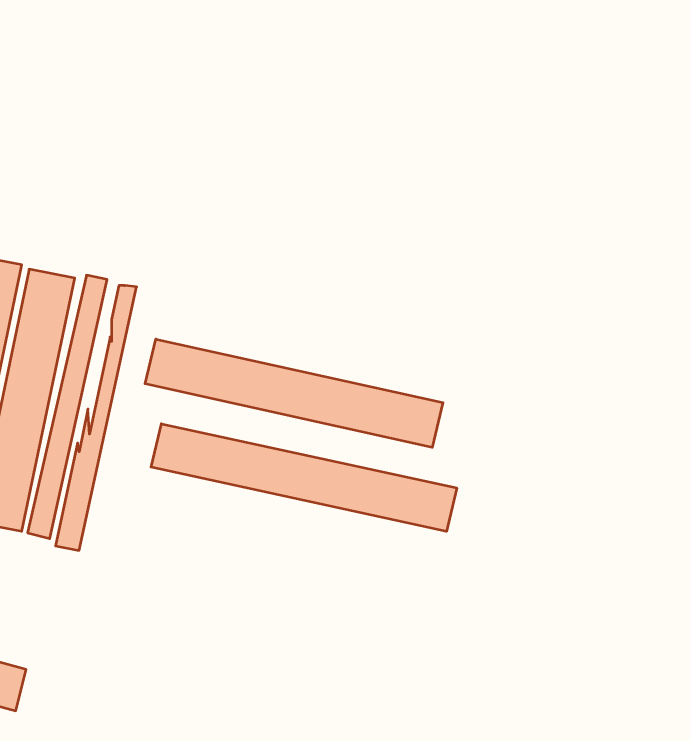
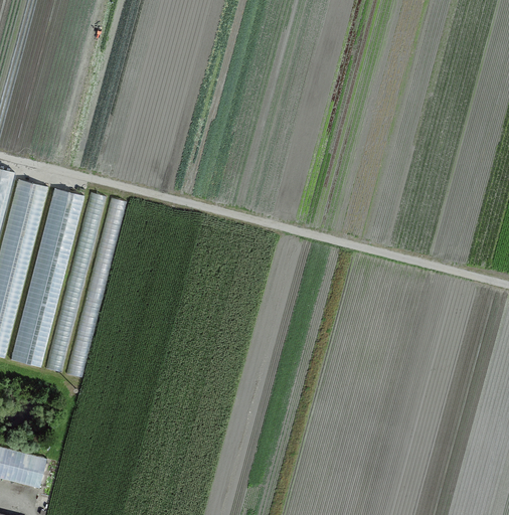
building: [145,339,443,447] -> none
building: [151,424,457,531] -> none

